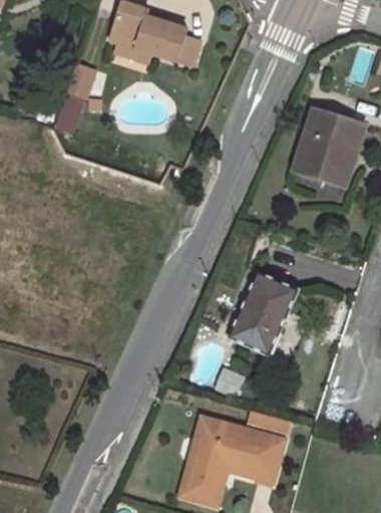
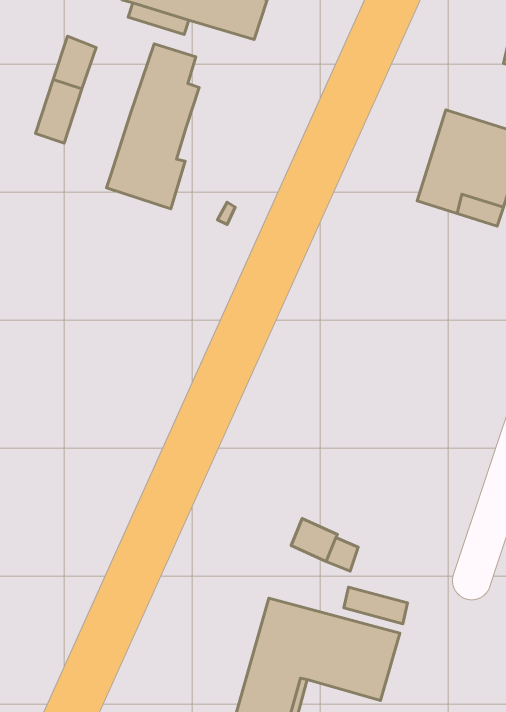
building: none -> [106,44,199,209]
building: [228,271,299,356] -> none

